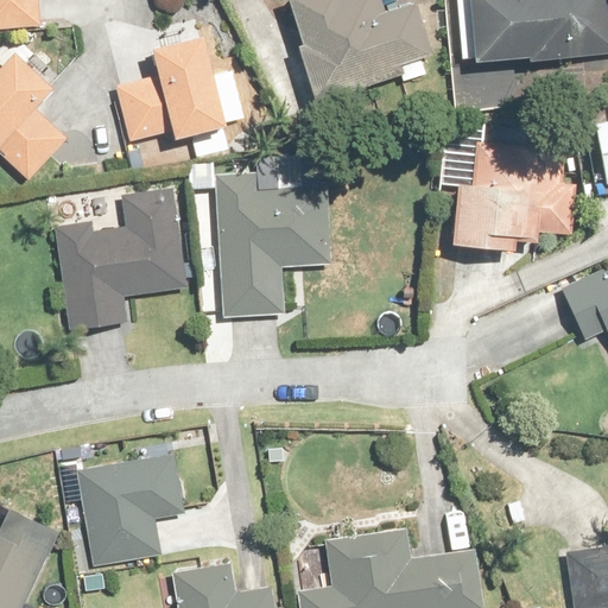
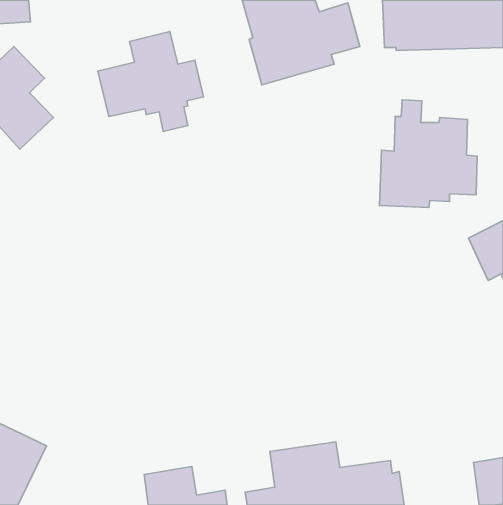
building: [216,171,332,318] -> none
building: [55,188,183,330] -> none
building: [77,452,185,562] -> none

